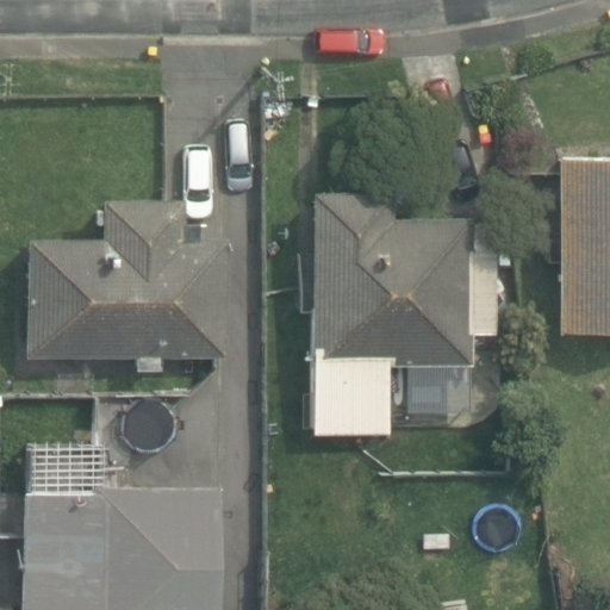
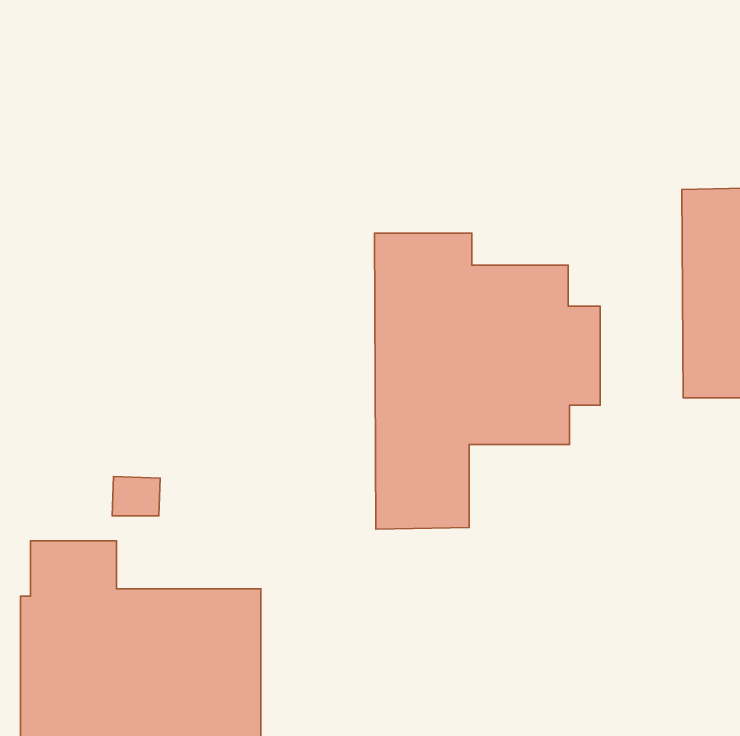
building: [26,201,228,373] -> none

